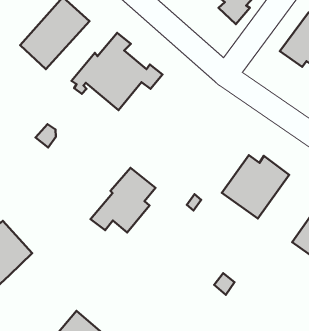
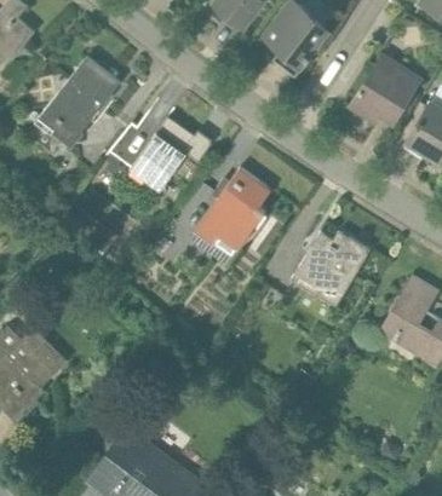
building: [91,168,156,233] -> [196,167,271,244]

